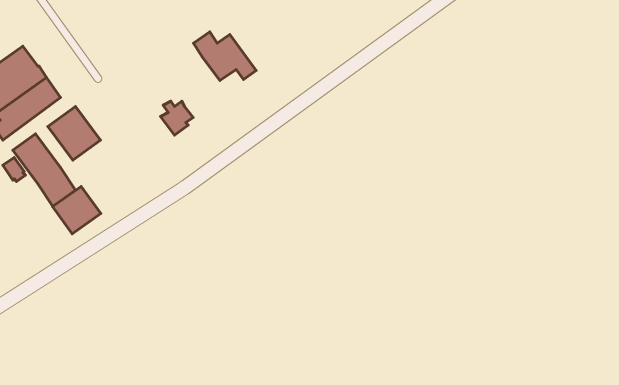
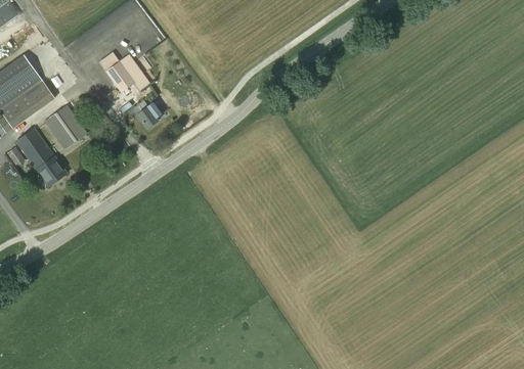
building: [193,32,256,81] -> [99,52,150,92]
building: [53,186,101,234] -> none

